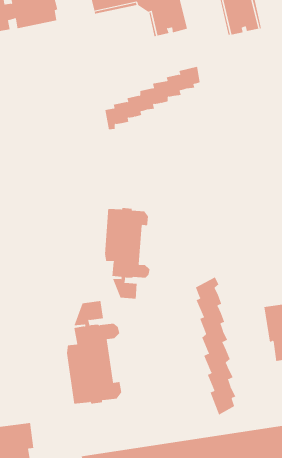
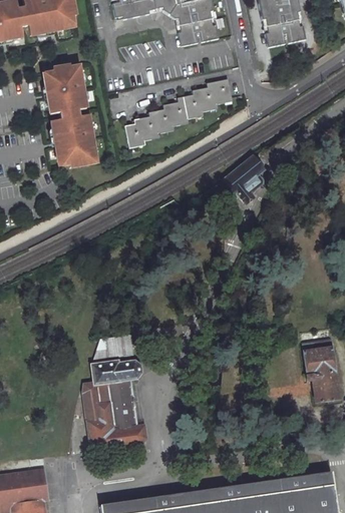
building: none -> [44,66,101,168]
building: none -> [223,157,261,202]
building: [105,207,150,300] -> none
building: [195,277,236,416] -> none

